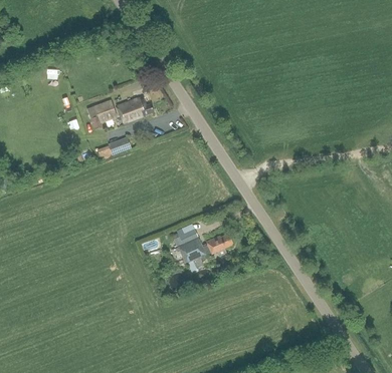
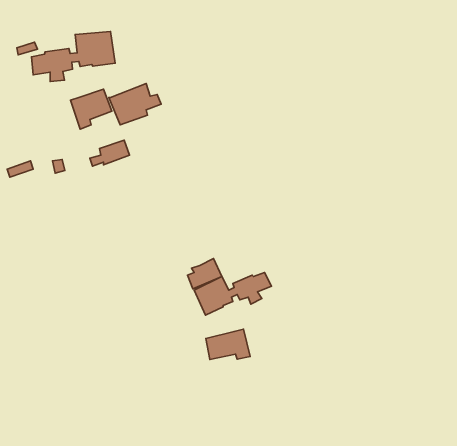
building: none -> [31,31,115,82]
building: none -> [206,329,250,360]

